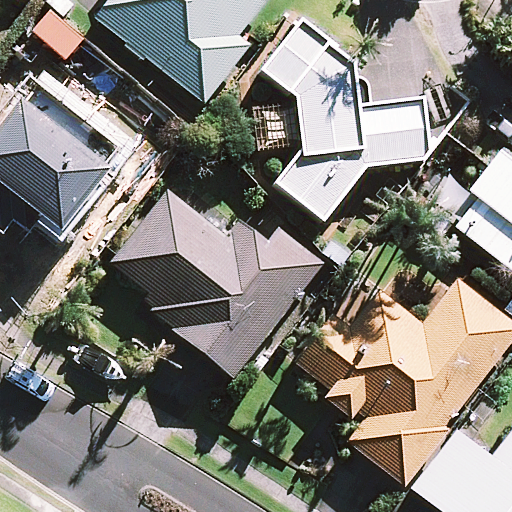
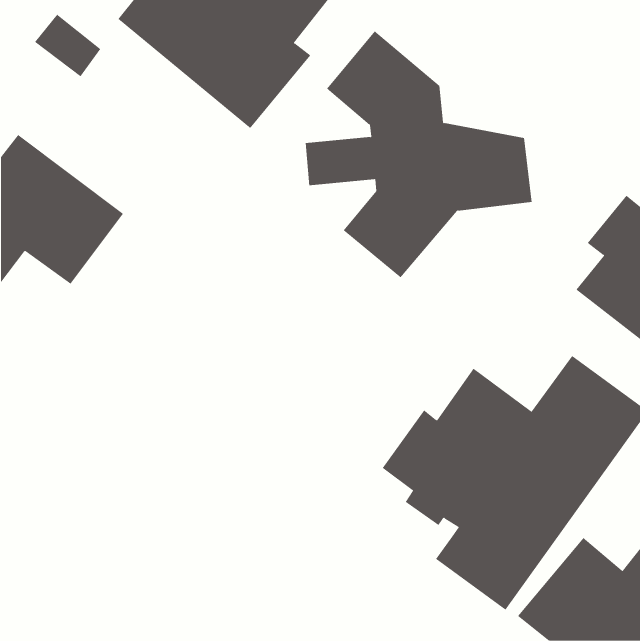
building: [113,191,324,376] -> none

